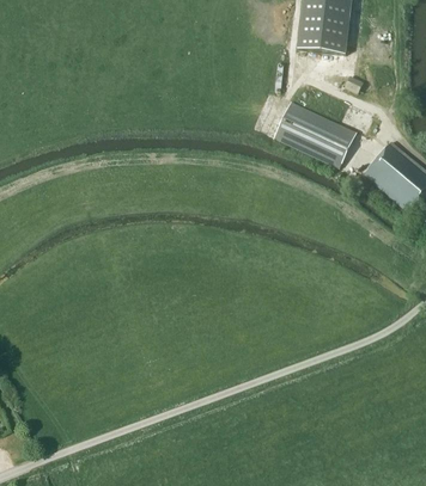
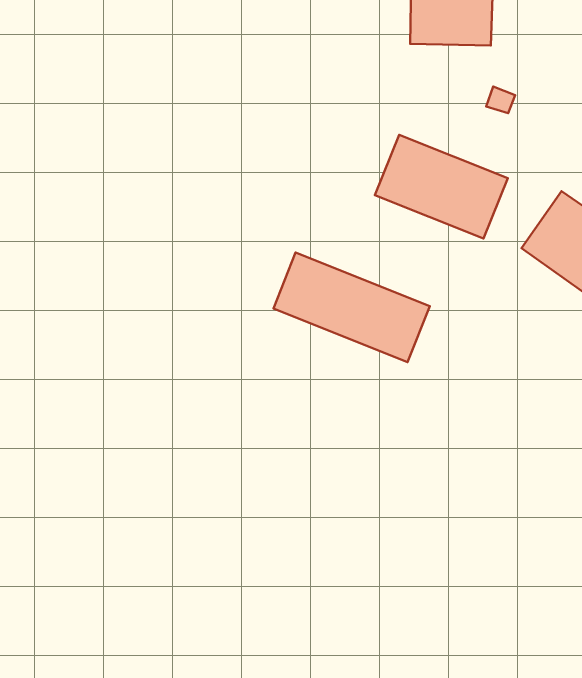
building: none -> [274,253,430,362]

